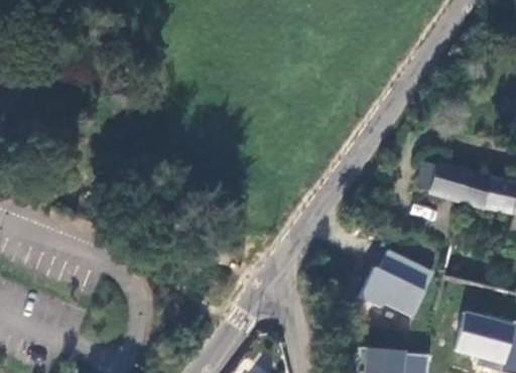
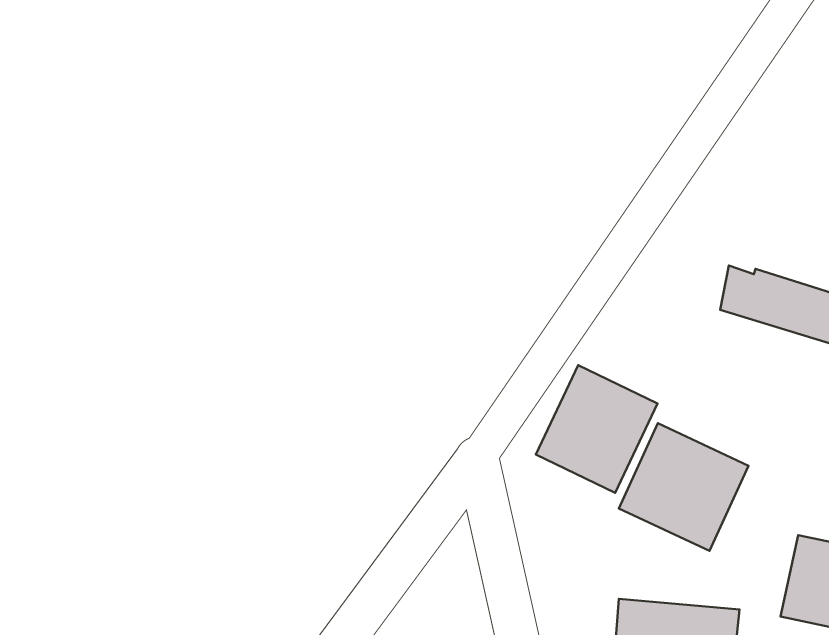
building: none -> [536,365,657,493]

